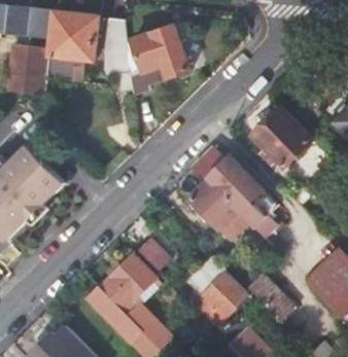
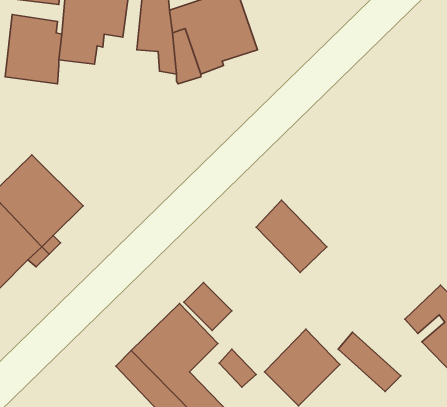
building: [249,106,313,170] -> none
building: [189,149,280,240] -> none

